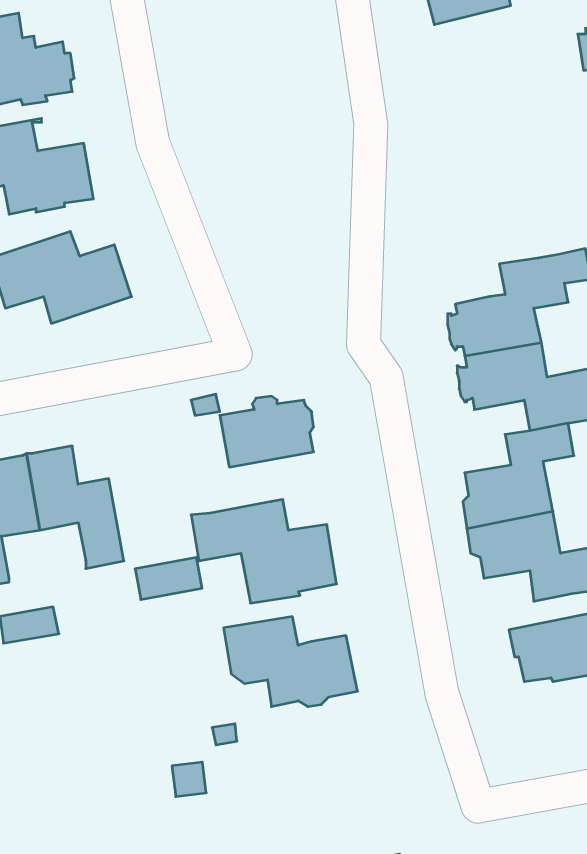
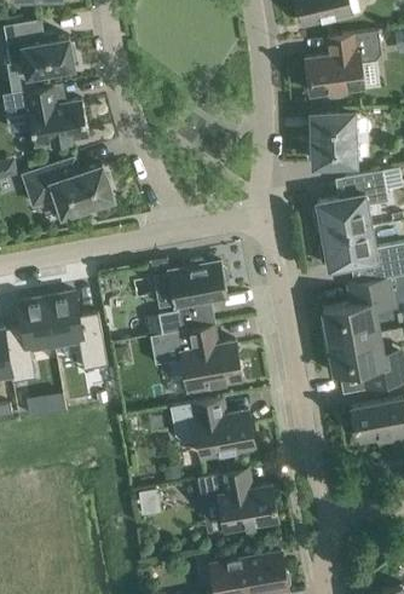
building: none -> [305,31,381,97]
building: none -> [310,114,353,163]
building: [135,557,202,600] -> [158,308,201,335]
building: none -> [198,472,278,531]

